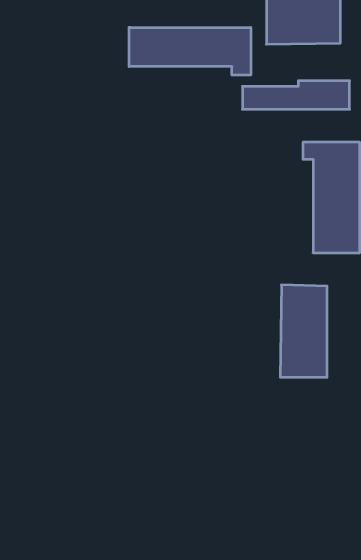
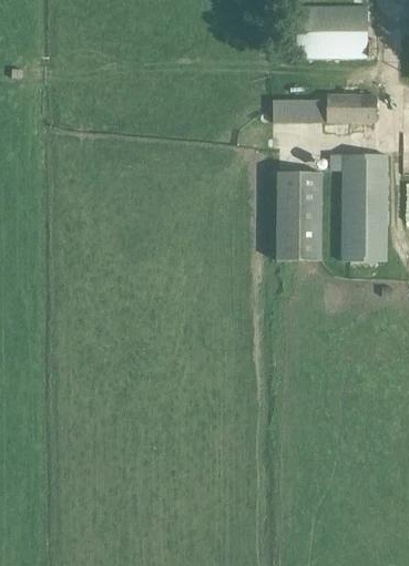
building: [129,27,251,75] -> none
building: [280,285,327,377] -> [276,172,321,261]

